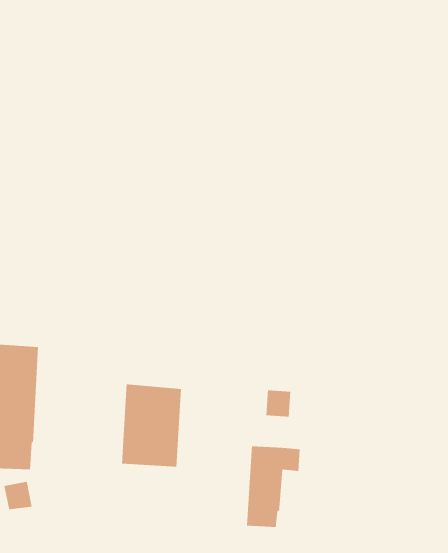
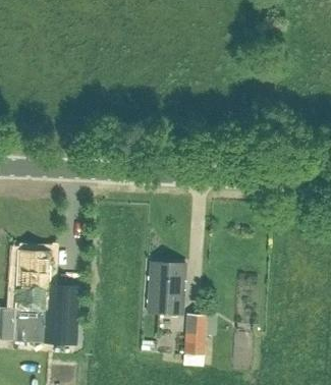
building: [121,384,182,467] -> [147,261,185,314]

